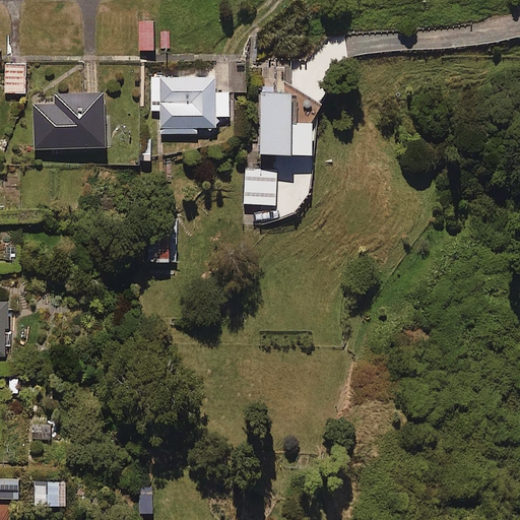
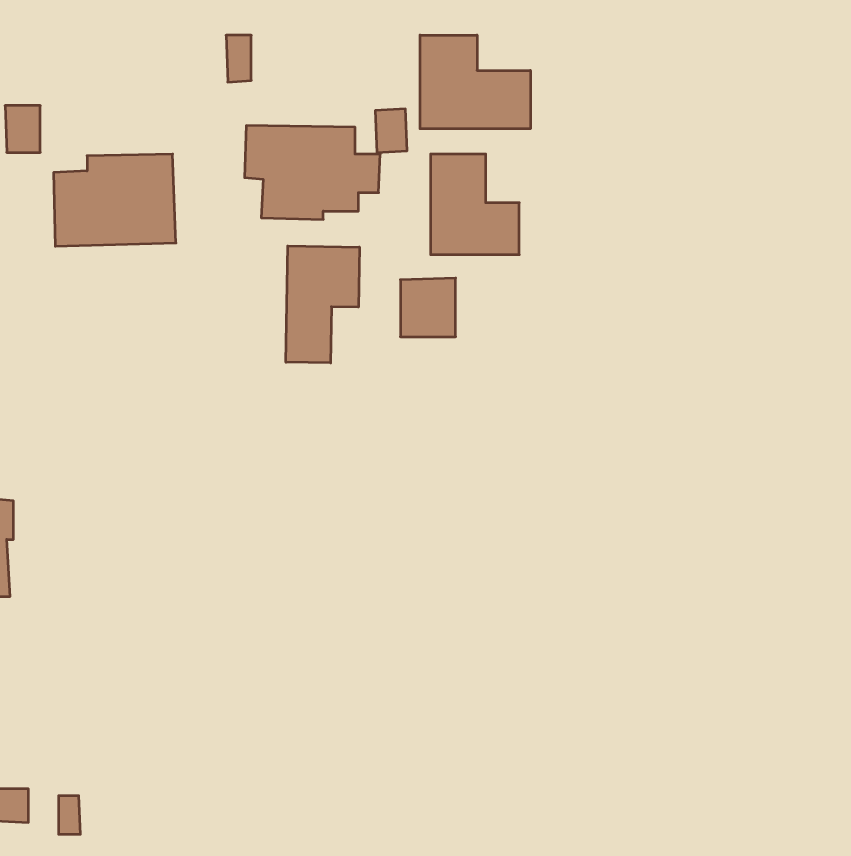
building: none -> [420,35,530,129]
building: none -> [286,246,359,363]

